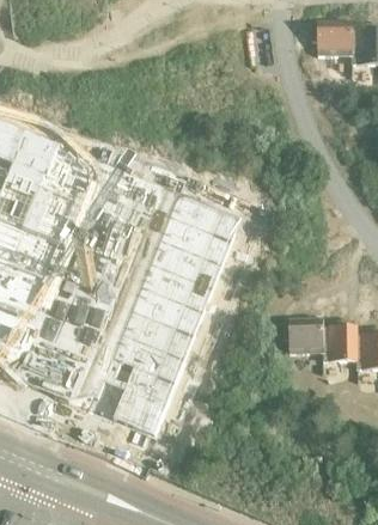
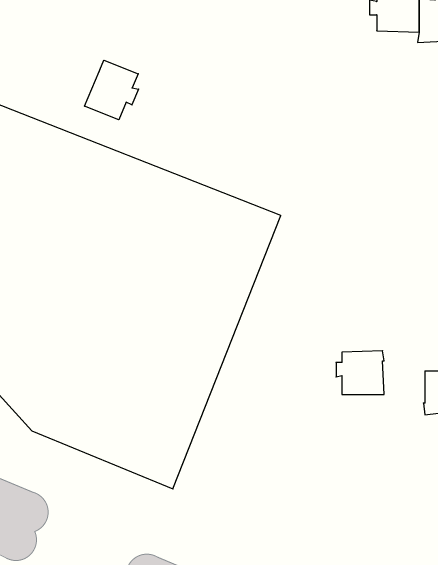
building: none -> [85,60,139,120]
building: [322,323,358,365] -> none

